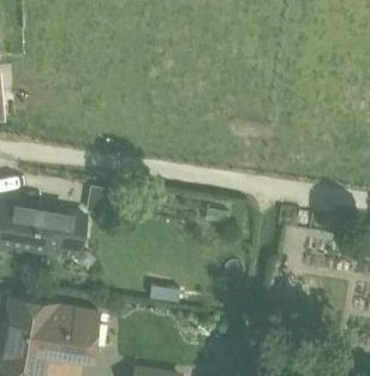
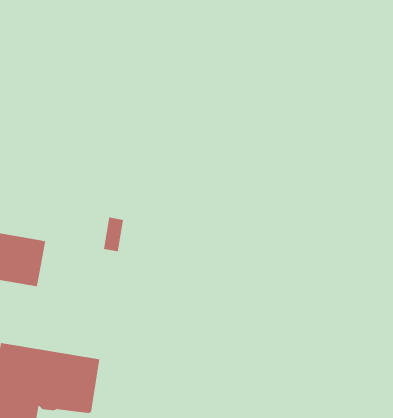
building: [47,197,88,244] -> none

